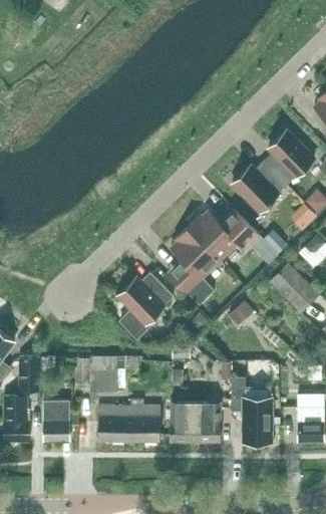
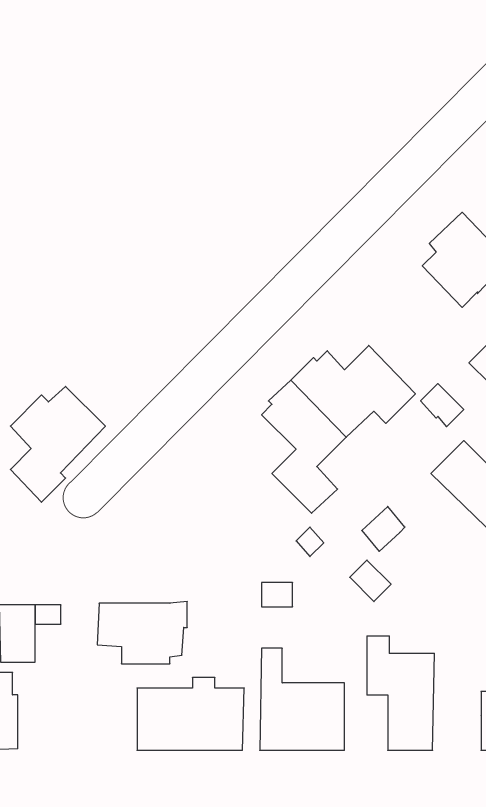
building: [232,161,287,212] -> none
building: [118,272,174,339] -> [10,386,105,502]
building: [43,400,78,441] -> none

